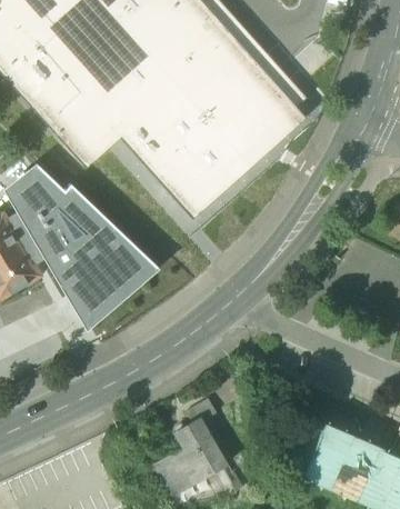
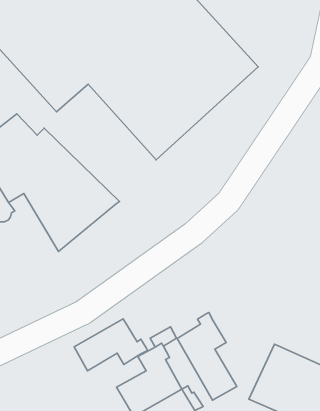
building: none -> [177,313,237,400]
building: none -> [74,319,148,371]

